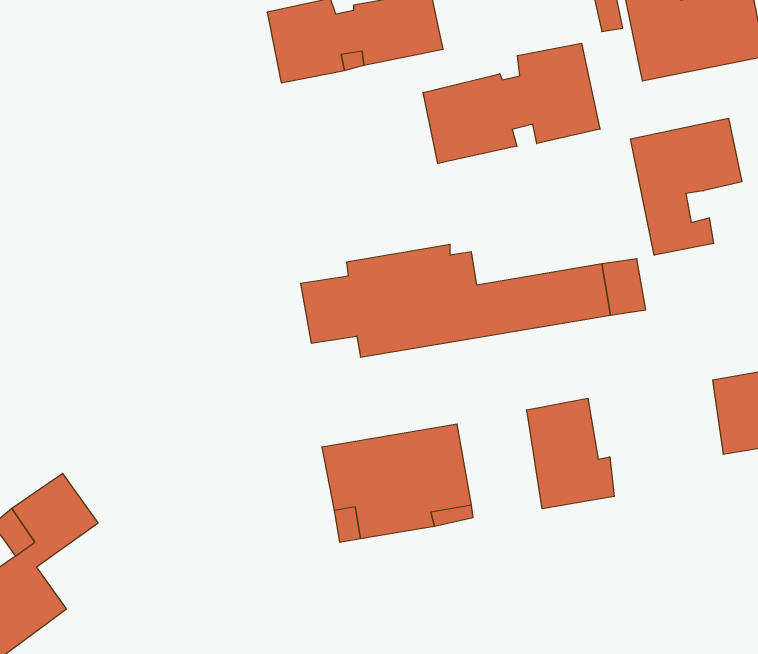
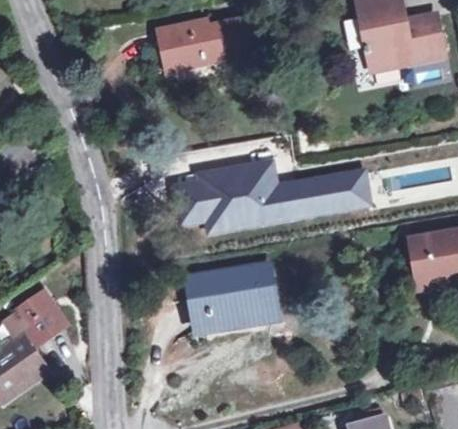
building: [423,43,600,164] -> none
building: [630,118,742,255] -> none
building: [527,398,614,509] -> none

